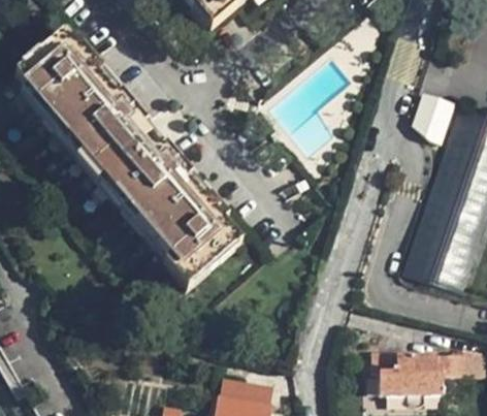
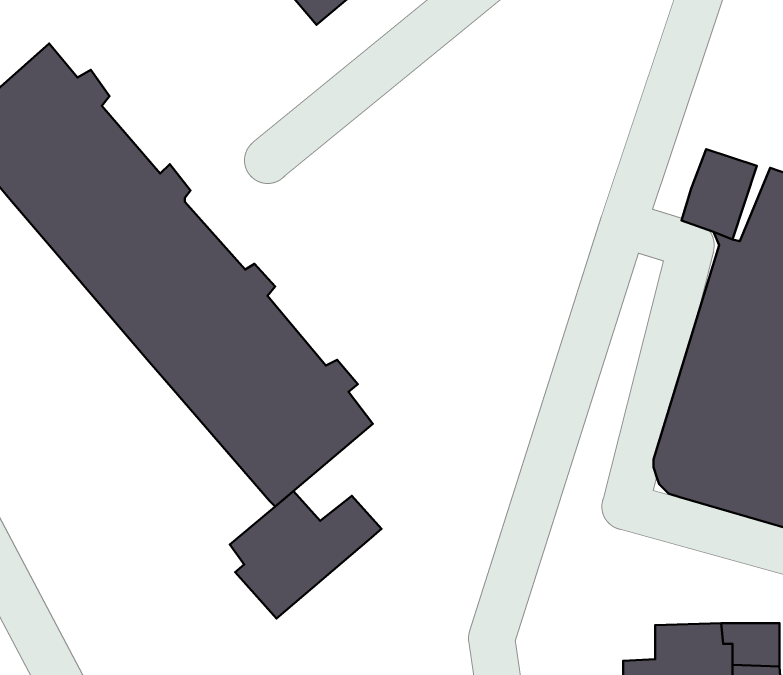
building: none -> [230,491,381,619]

